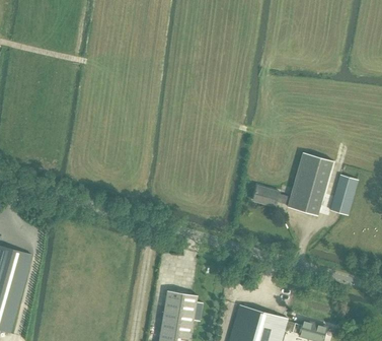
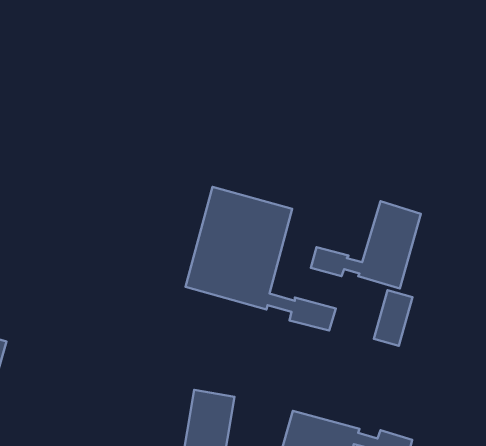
building: none -> [185,187,336,330]
building: [329,175,358,215] -> [374,290,413,346]

